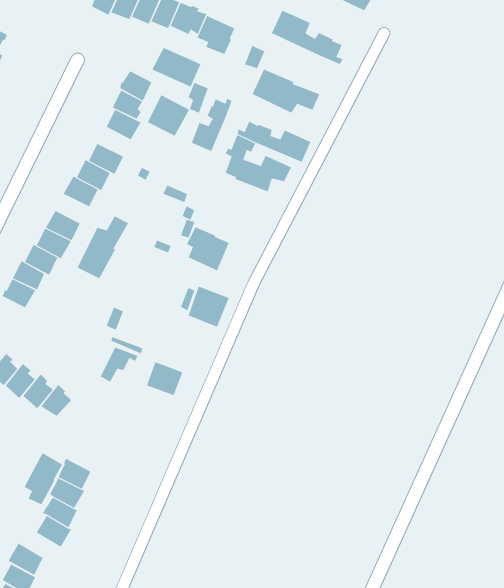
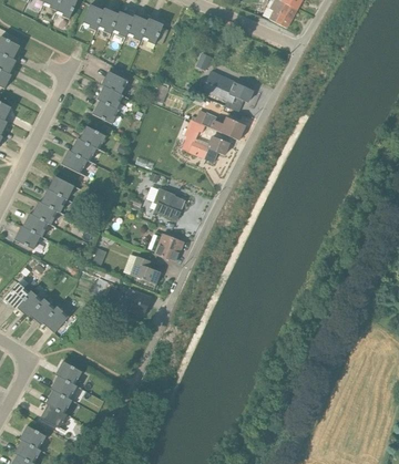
building: [271,10,344,65] -> none
building: [197,15,235,55] -> none
building: [152,47,201,87] -> none
building: [147,94,190,136] -> none
building: [191,98,232,152] -> none
building: [77,215,129,279] -> none
building: none -> [123,254,161,285]
building: [24,452,63,505] -> none

